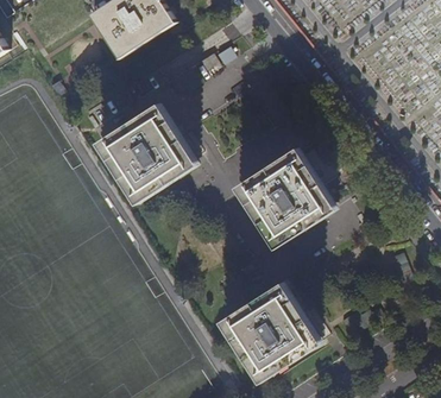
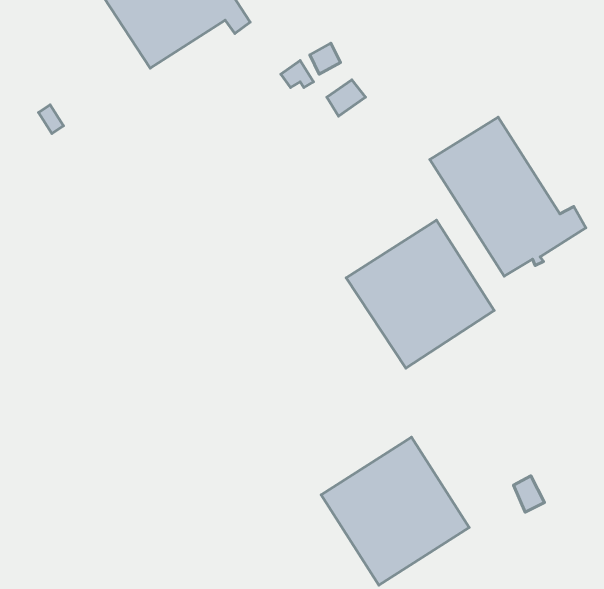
building: none -> [430,117,586,276]
building: [102,107,194,198] -> none

